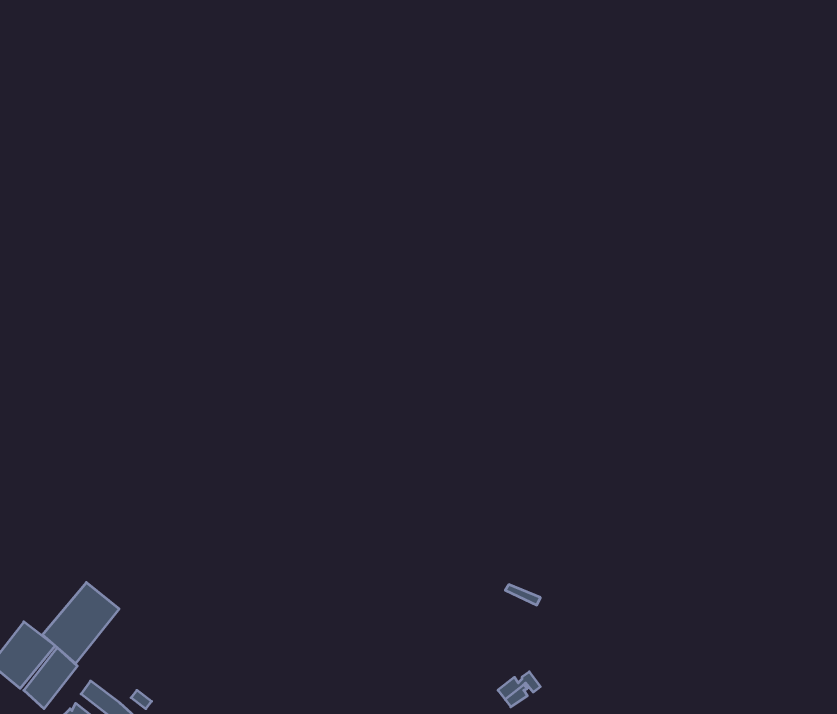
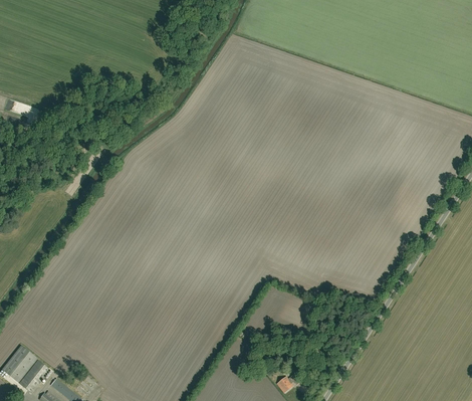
building: [43,582,119,663] -> none

